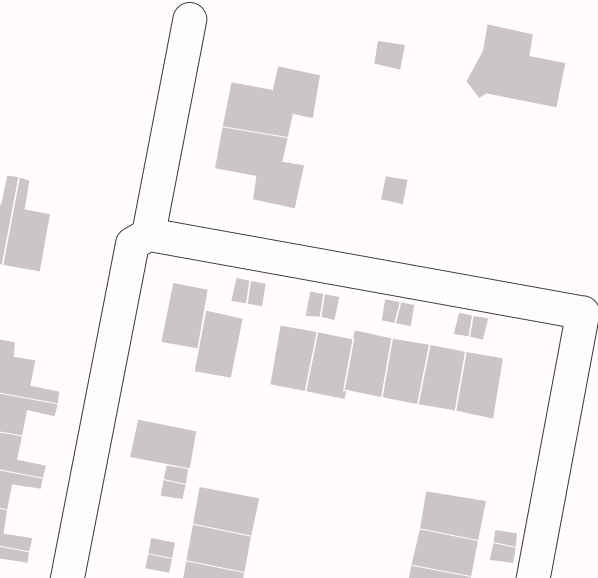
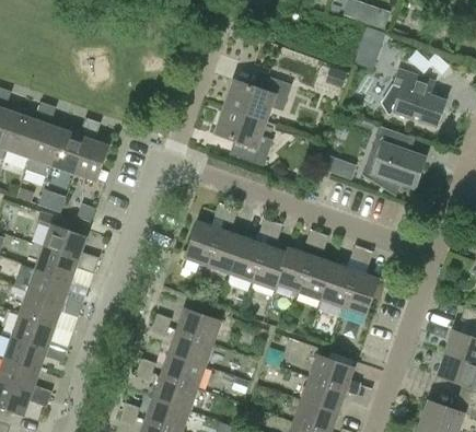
building: none -> [372,127,426,189]
building: [160,283,208,349] -> [207,230,242,273]
building: [129,419,197,469] -> [176,307,221,343]

